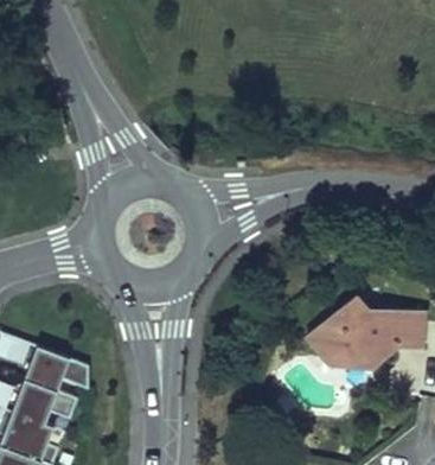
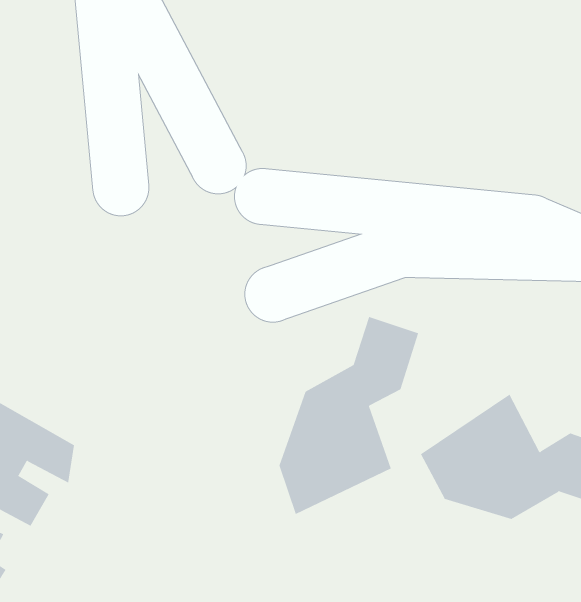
building: none -> [279,316,419,515]

